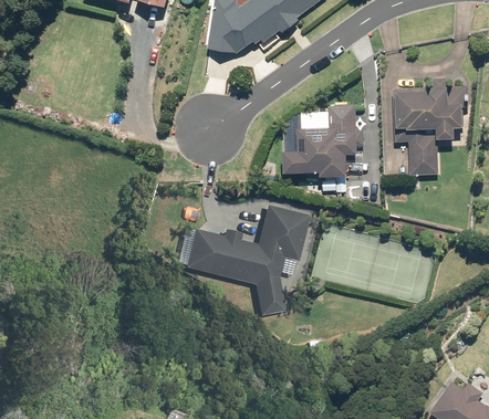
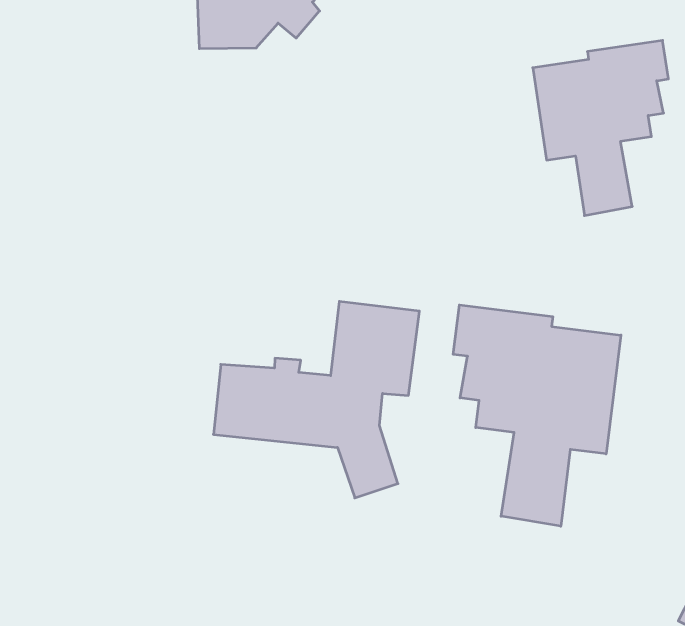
building: [282,104,363,190] -> none
building: none -> [453,305,621,526]

